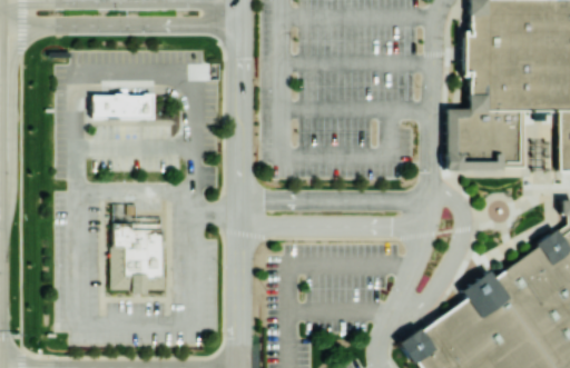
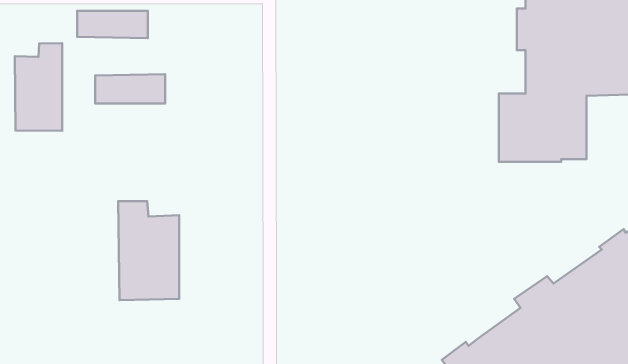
building: none -> [77,11,148,38]
building: none -> [15,43,62,131]

